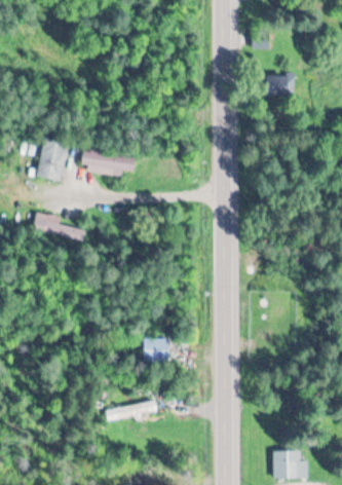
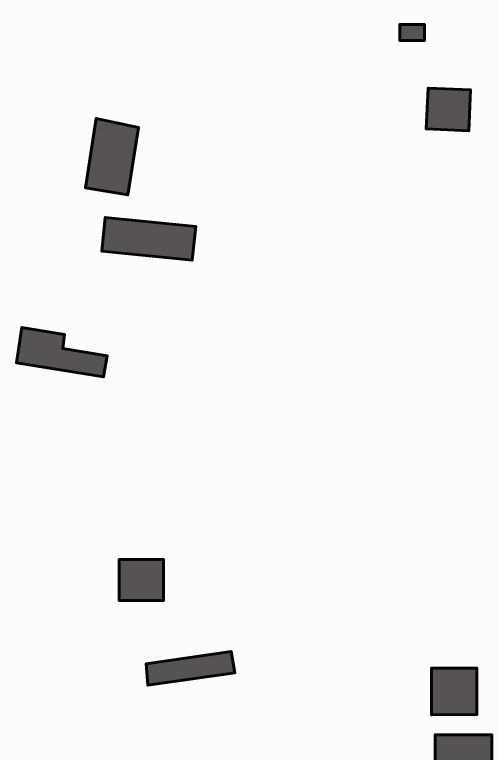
building: [36,139,67,183] -> [85,119,139,195]
building: [143,339,168,363] -> [119,560,163,600]
building: none -> [432,668,477,715]

